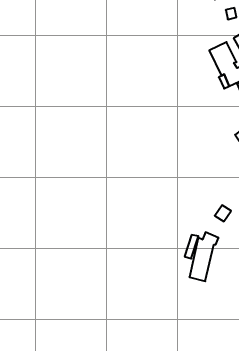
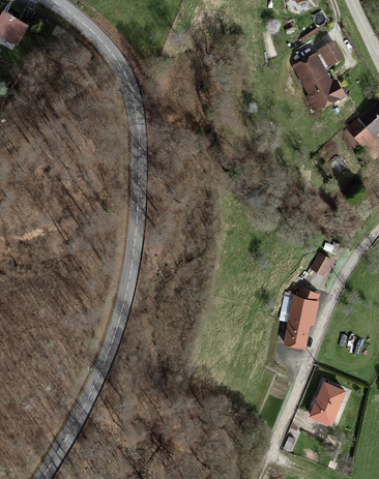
building: none -> [310,382,344,423]

